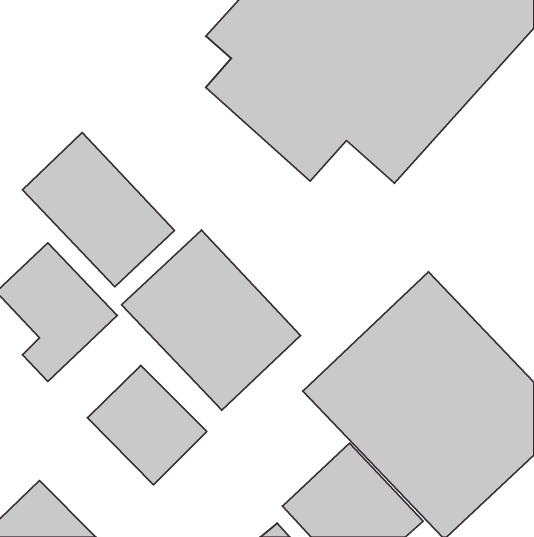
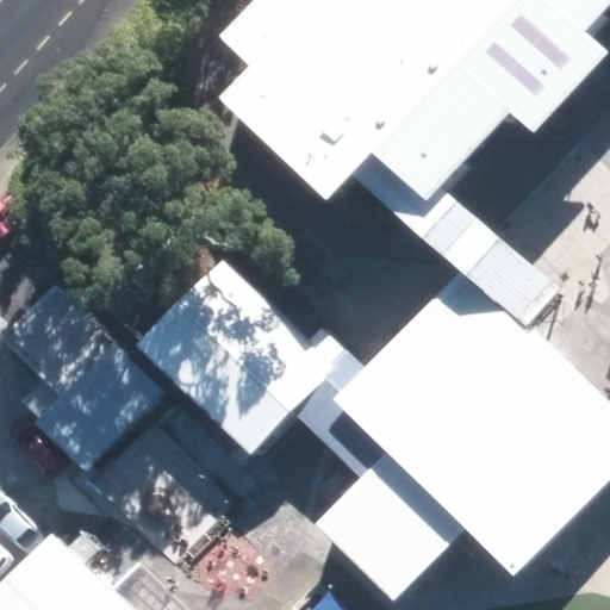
building: [23,133,174,287] -> none

